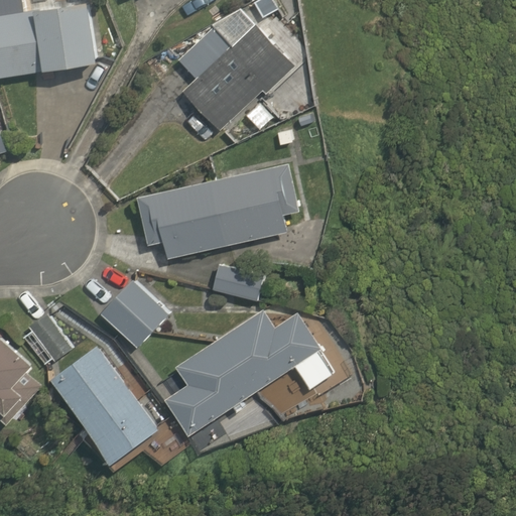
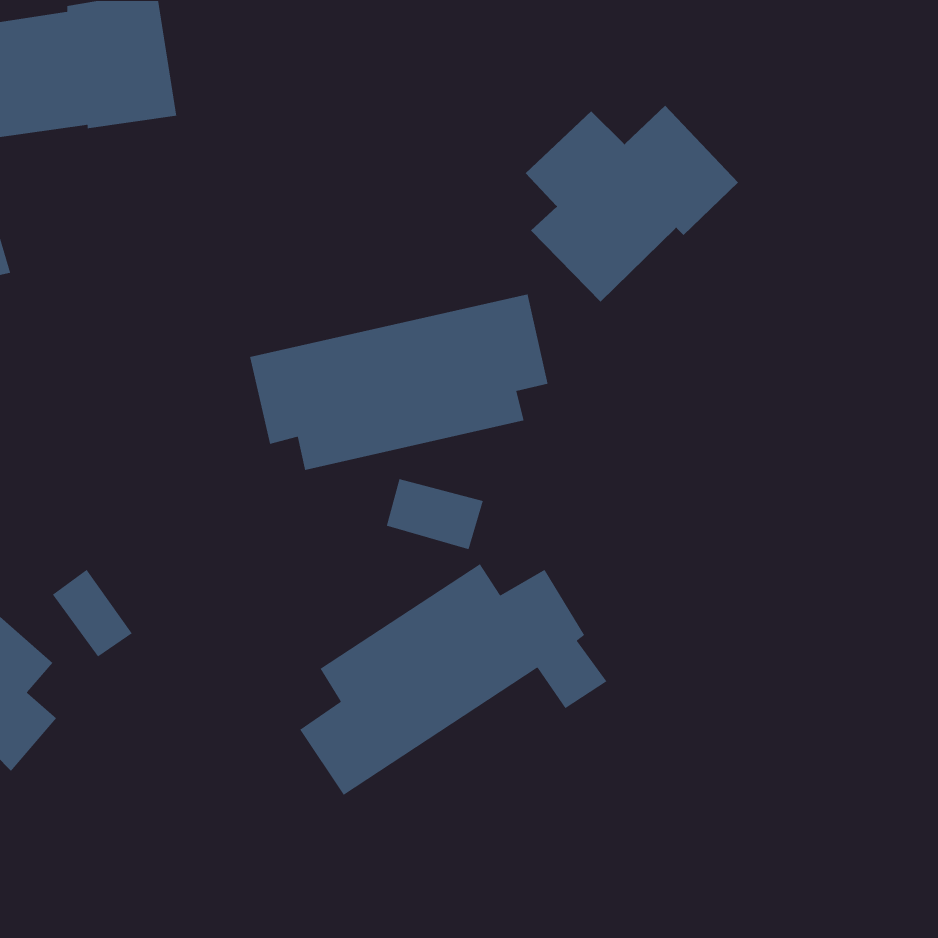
building: [177,24,294,132] -> [525,105,739,302]
building: [99,281,168,349] -> none
building: [50,345,157,462] -> none

